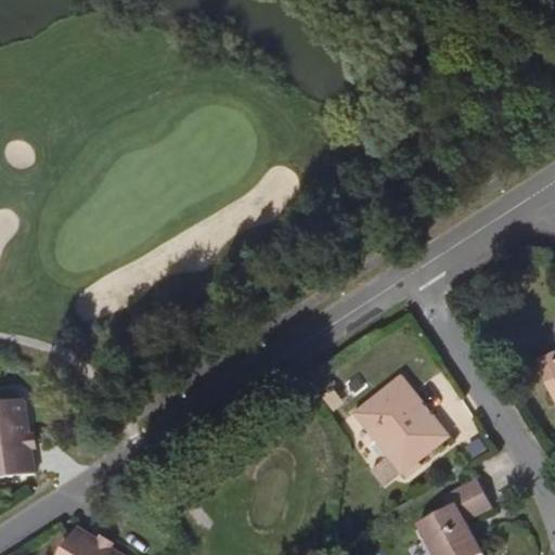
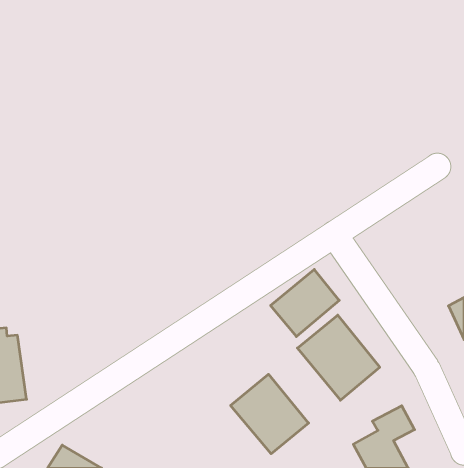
building: none -> [271,269,339,337]
building: none -> [231,374,309,454]

